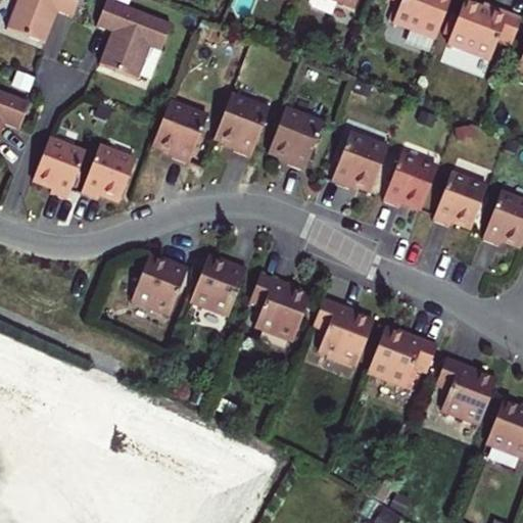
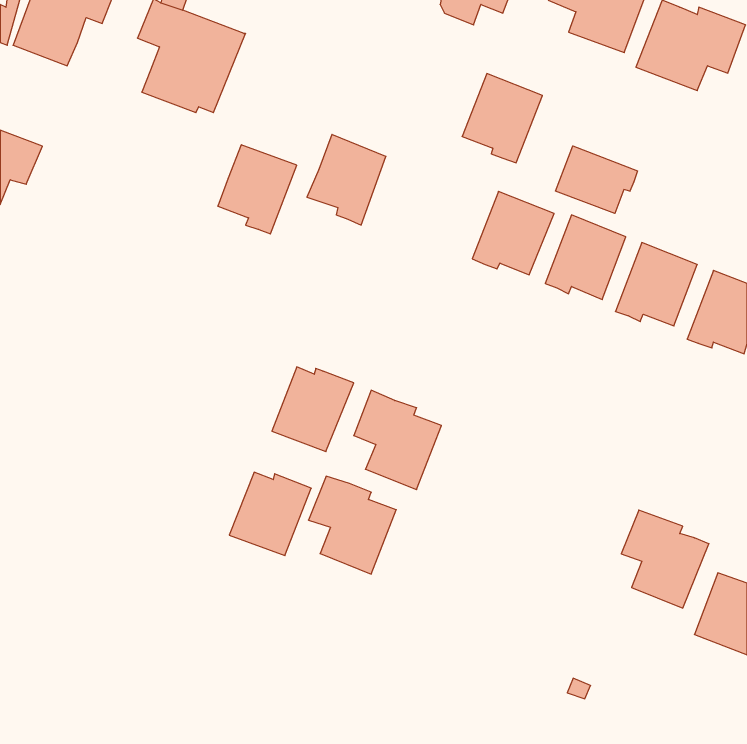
building: none -> [555,146,637,213]
building: [267,109,323,172] -> [462,74,542,163]
building: [31,139,87,201] -> none
building: [79,150,136,209] -> none
building: [130,256,187,315] -> [229,472,311,556]
building: [311,298,372,367] -> [308,476,396,574]
building: [368,327,438,385] -> none

